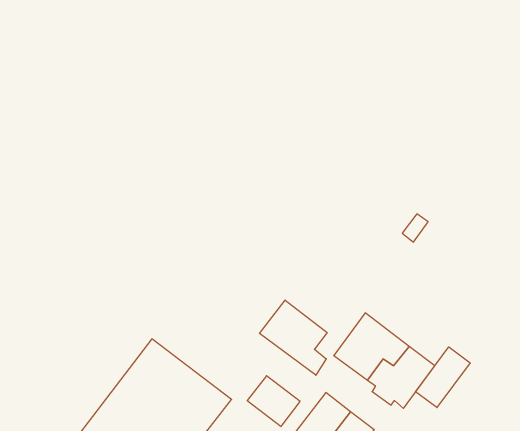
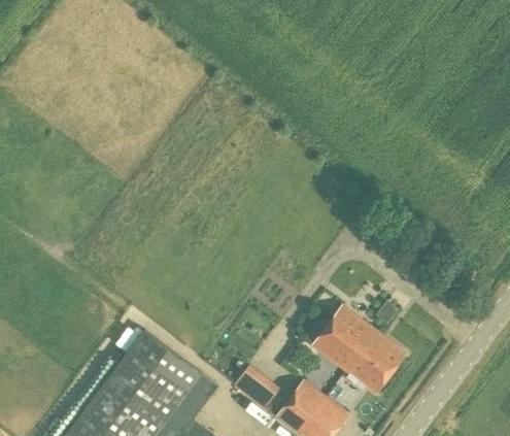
building: [260,300,327,375] -> none
building: [416,347,470,408] -> none

